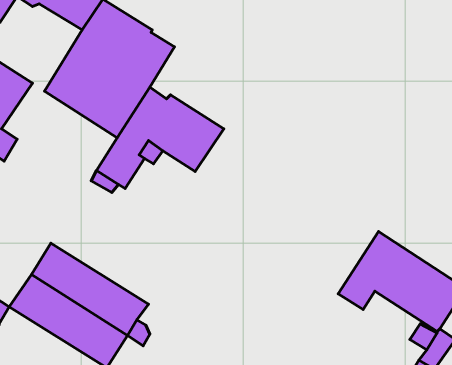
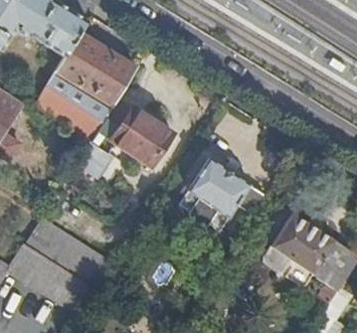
building: none -> [180,157,264,229]

